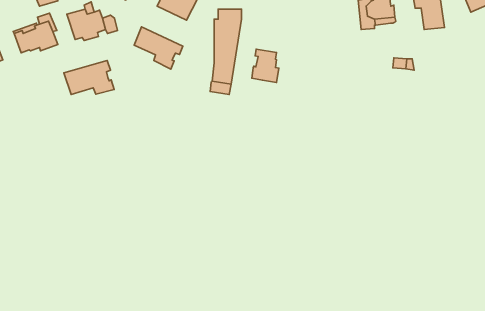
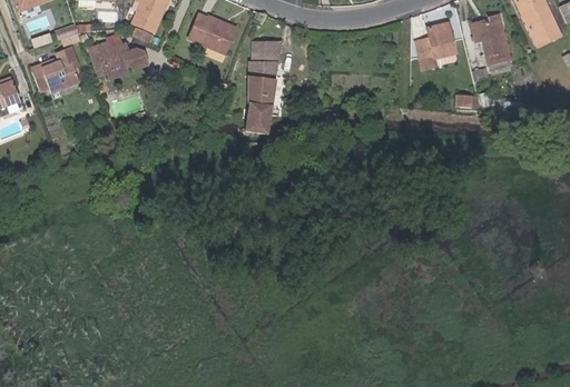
building: [134,27,183,69] -> none
building: [252,49,279,83] -> none
building: [64,60,114,94] -> none

